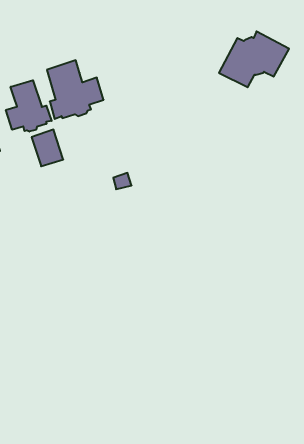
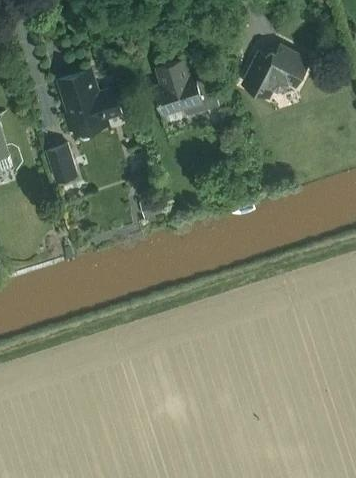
building: none -> [148,60,219,116]
building: [6,80,52,132] -> none

